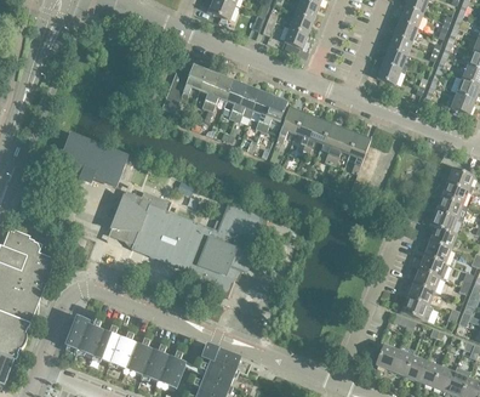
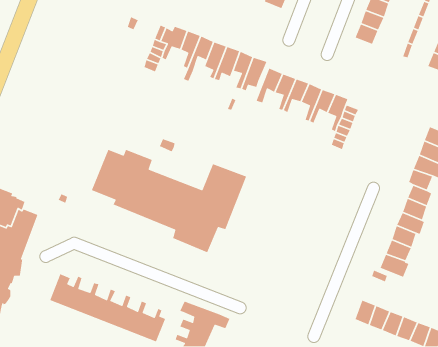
building: [58,135,126,187] -> none

